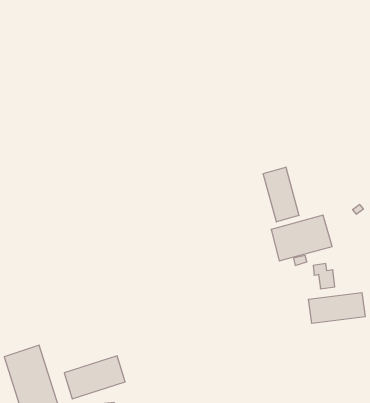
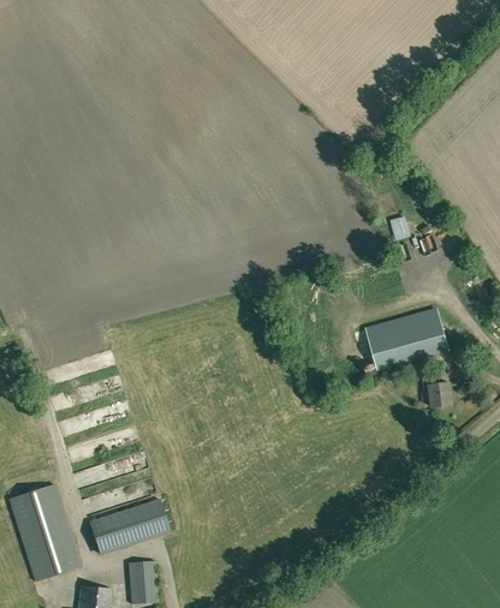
building: [263,167,299,222] -> none
building: [308,293,365,323] -> none

